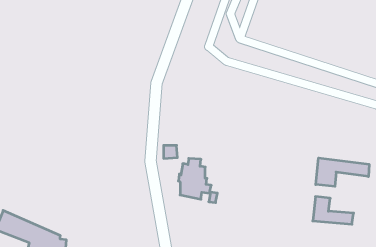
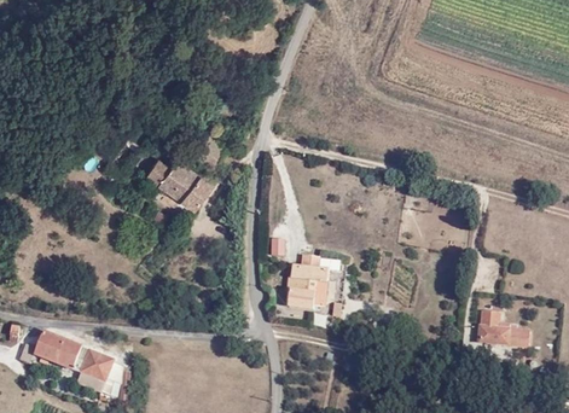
building: none -> [144,157,211,209]
building: [316,158,369,186] -> none

